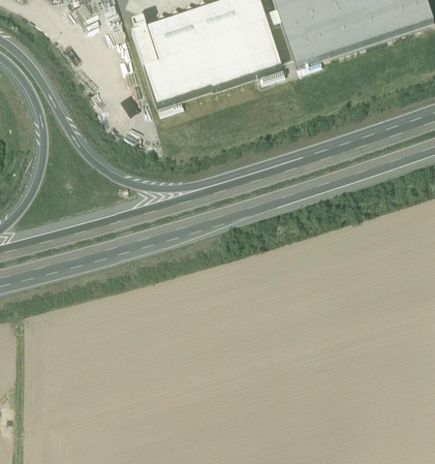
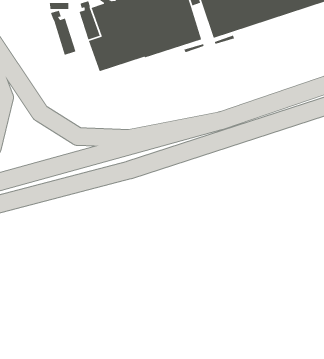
building: none -> [50,10,77,56]

